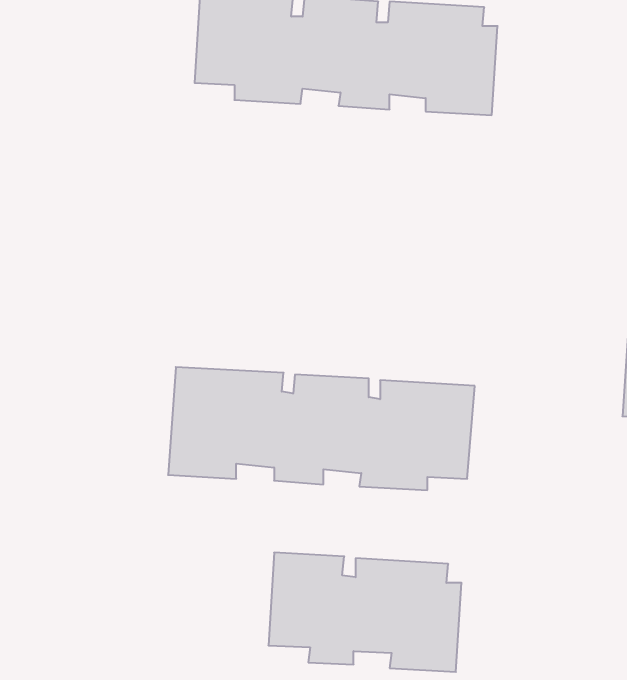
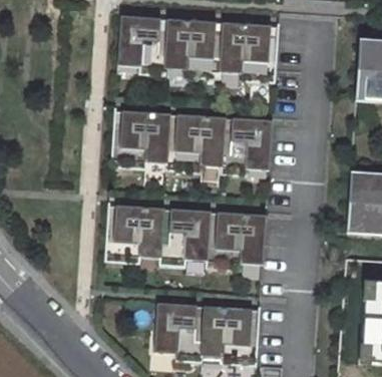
building: none -> [113,101,274,168]

